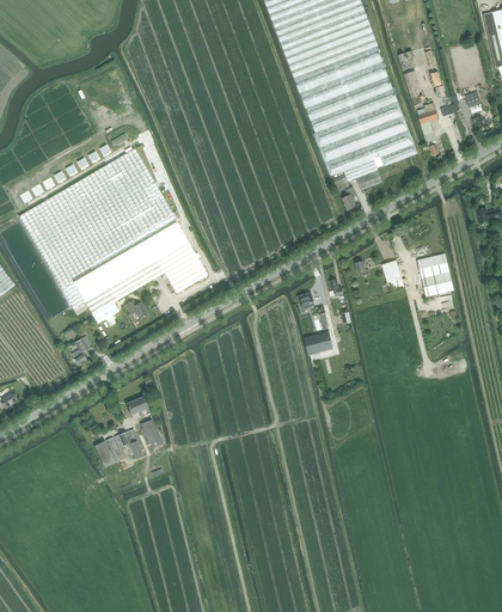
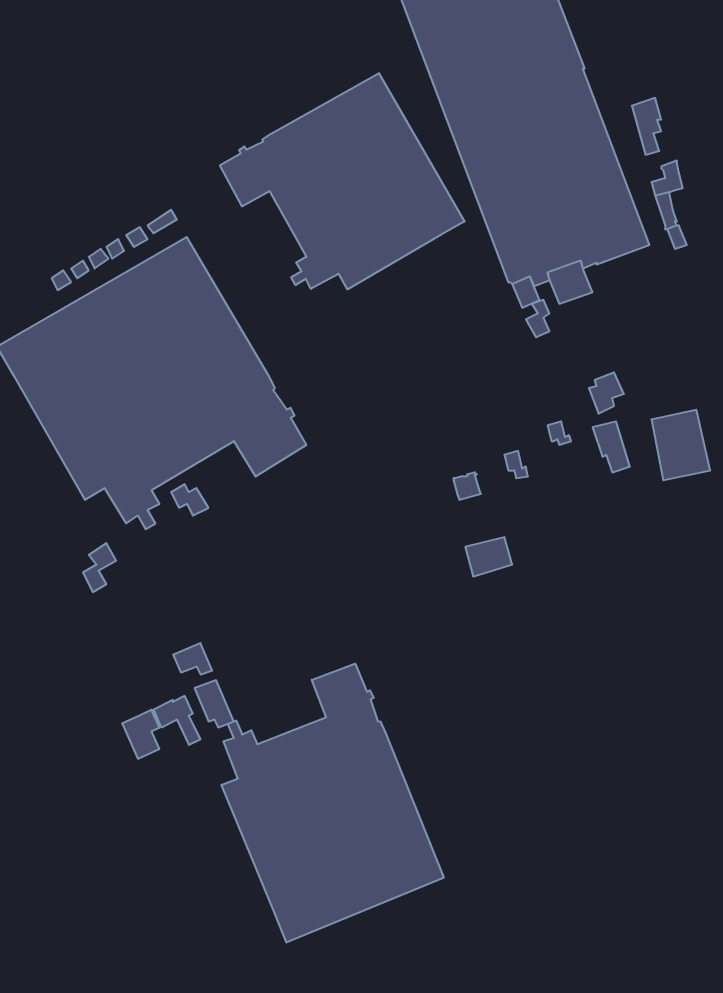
building: none -> [220,73,465,289]
building: none -> [221,664,444,943]

